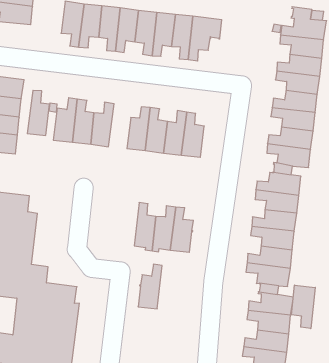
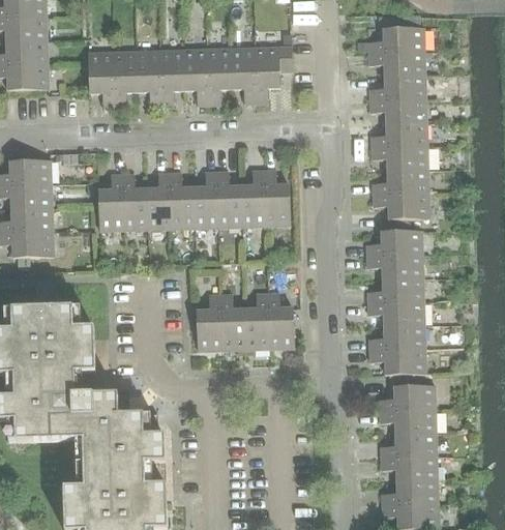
building: [27,90,50,135] -> [170,172,195,229]
building: [138,264,162,309] -> [196,294,222,351]
building: [292,285,315,329] -> none

